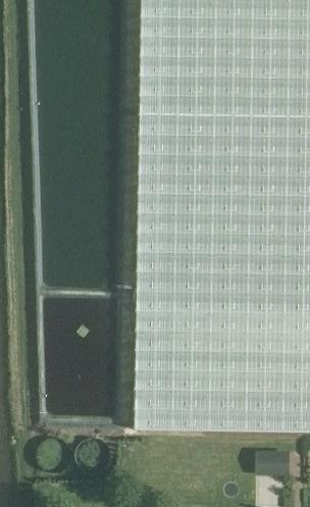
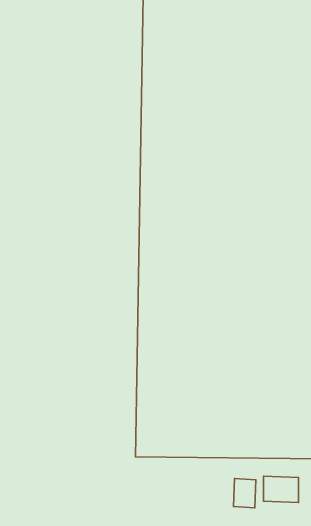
building: none -> [233,478,256,508]

